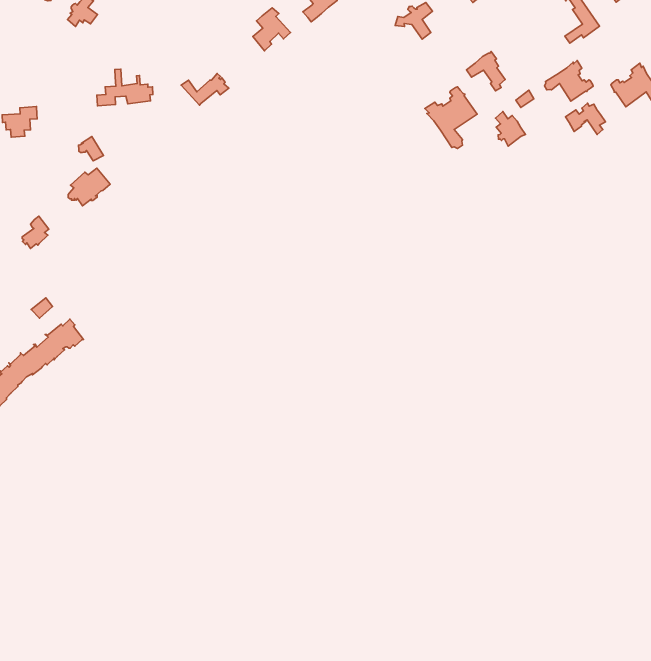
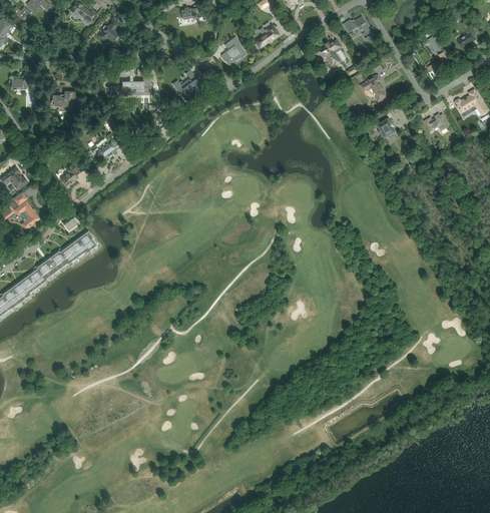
building: [544,61,593,101] -> none
building: [425,87,477,148] -> none

